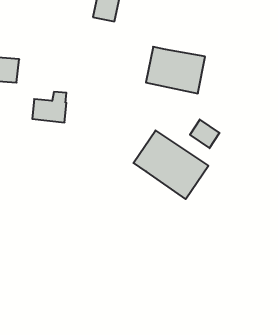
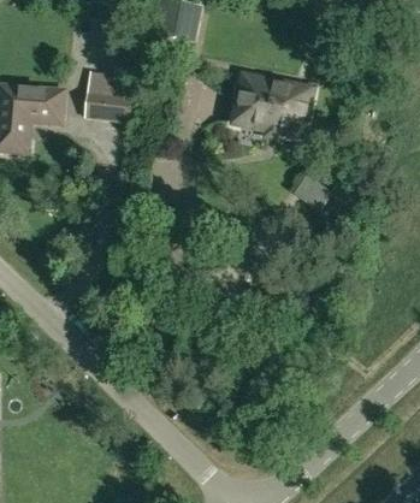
building: [32,92,66,122] -> [84,81,130,122]
building: [133,130,208,199] -> none

